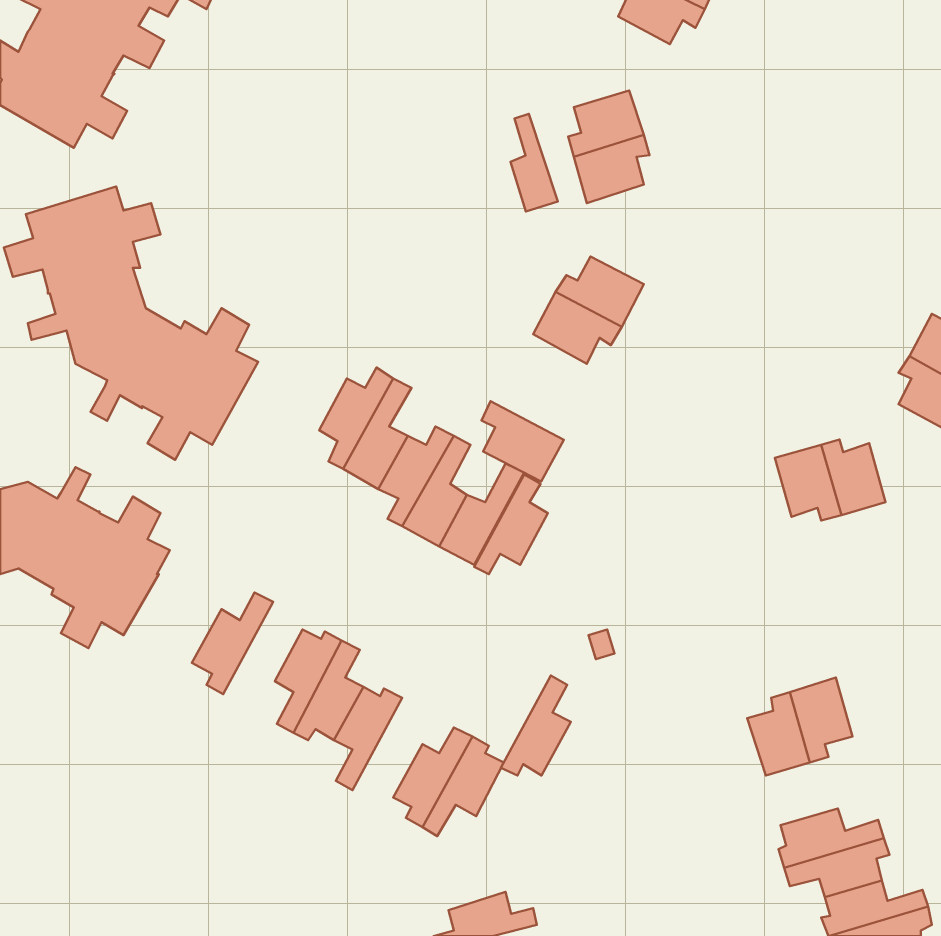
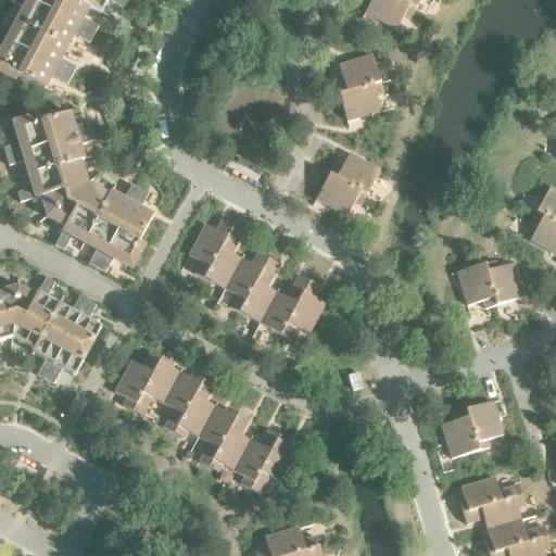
building: [511,114,558,212] -> none
building: [481,401,564,481] -> none
building: none -> [132,354,179,414]
building: [501,676,571,775] -> [208,410,250,469]

